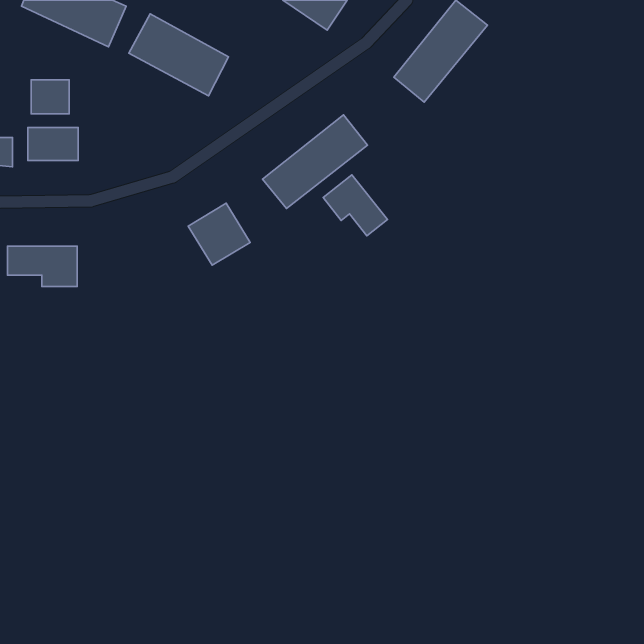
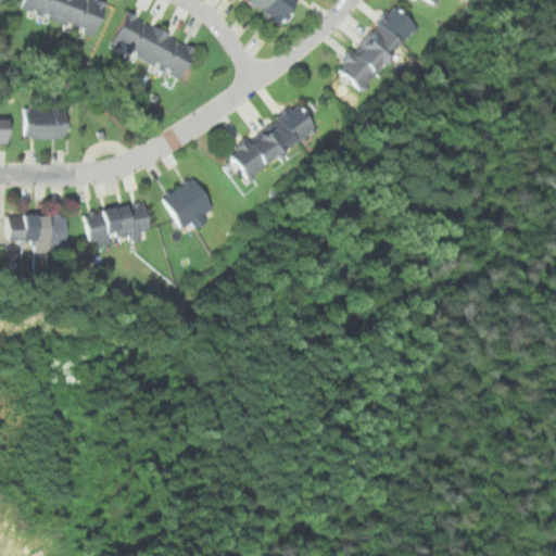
building: [31,80,69,114] -> none
building: [323,175,387,236] -> none
building: none -> [83,201,151,245]

